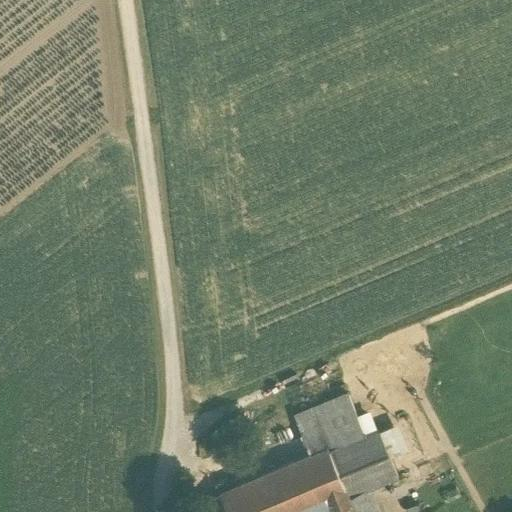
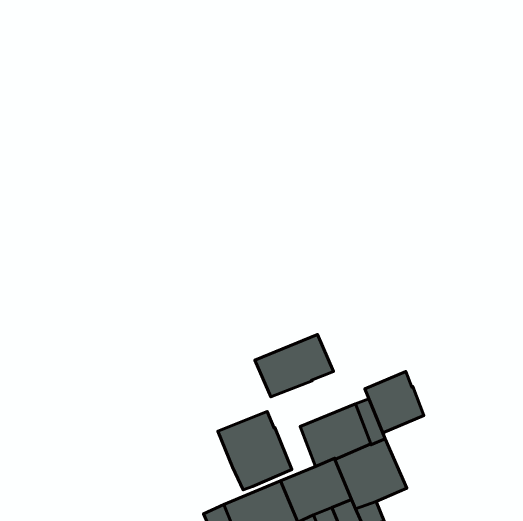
building: none -> [255,335,334,397]
building: none -> [365,371,424,433]
building: none -> [218,412,292,490]

